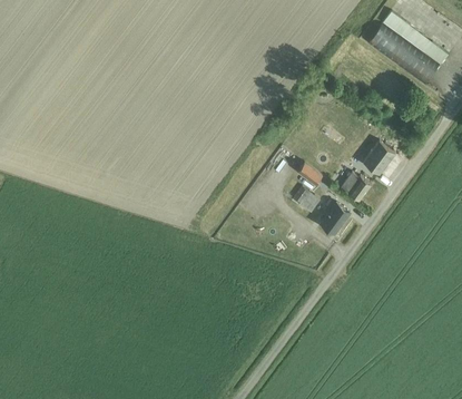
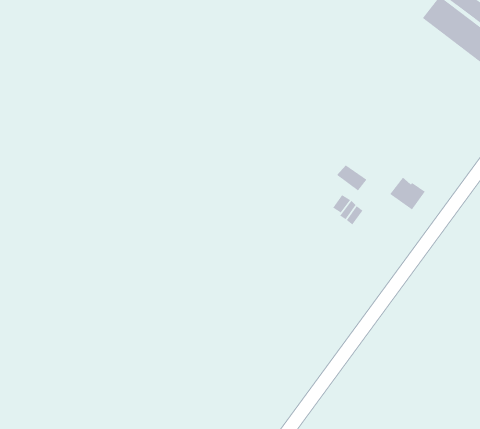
building: [363,139,394,173] -> none
building: [321,202,350,233] -> none

